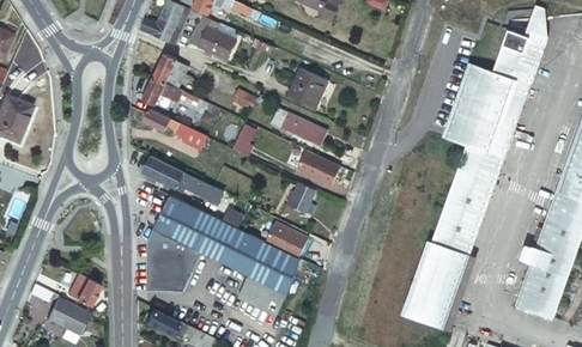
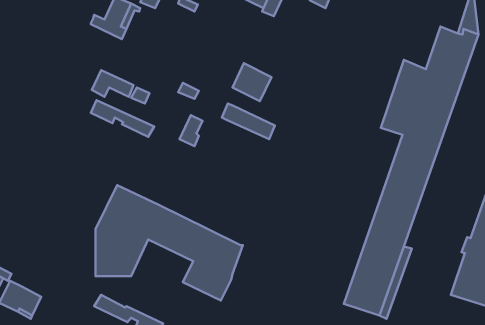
building: [192,14,236,57] -> none
building: [152,51,187,87] -> none
building: [296,148,340,184] -> none
building: [143,156,217,196] -> none
building: [284,181,315,214] -> none
building: [263,220,305,257] -> none
building: [67,272,99,305] -> none

